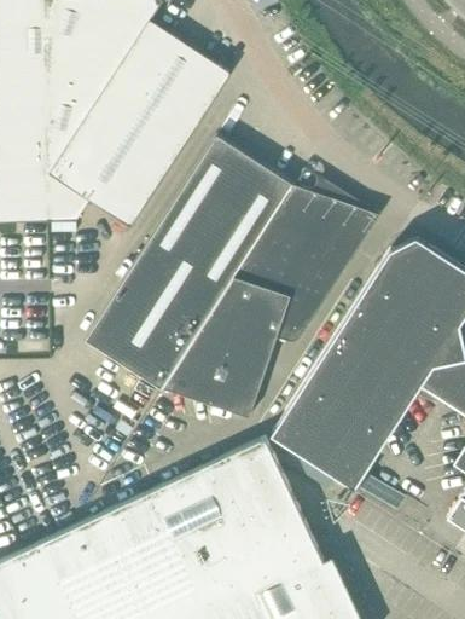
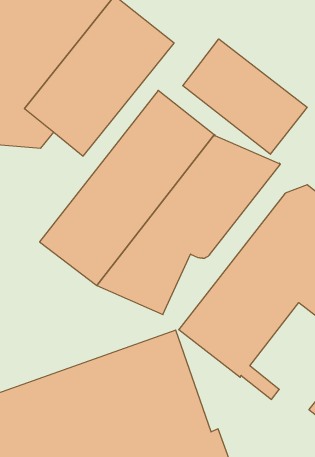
building: none -> [183,39,307,154]

